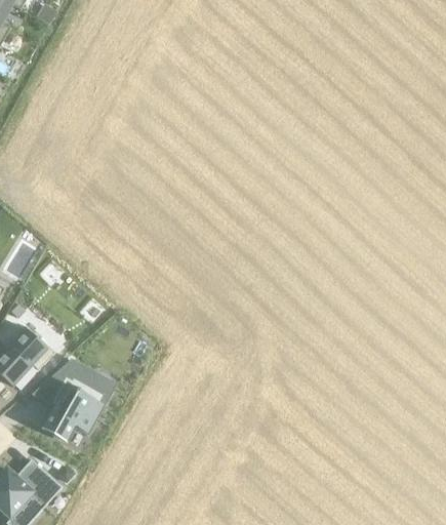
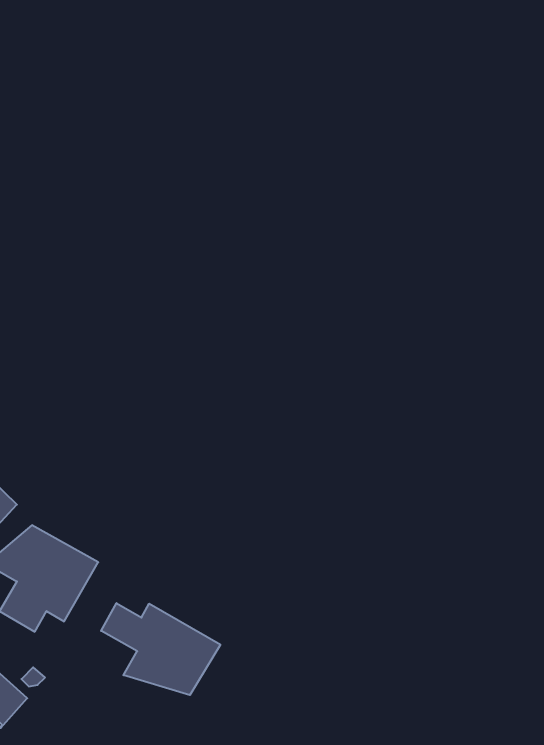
building: none -> [101,603,220,695]

